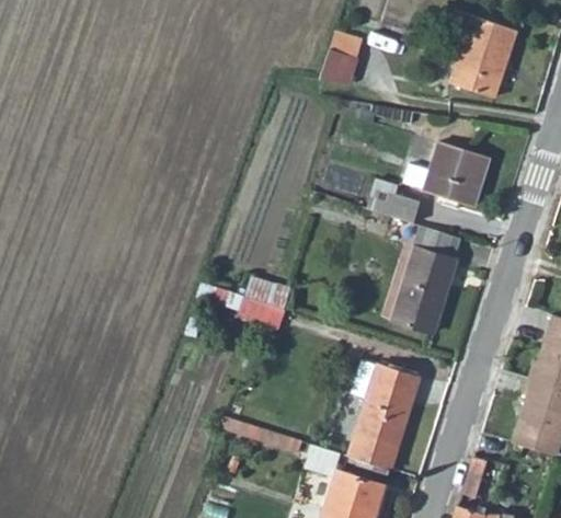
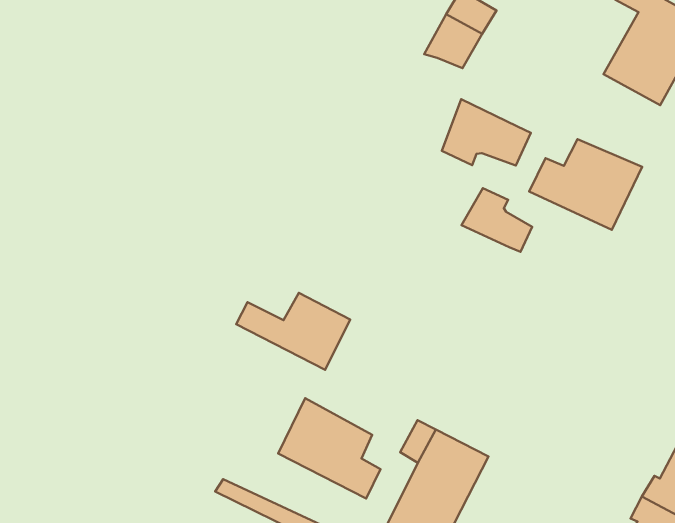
building: none -> [442,99,531,165]
building: [388,222,459,329] -> none
building: none -> [278,398,380,499]

